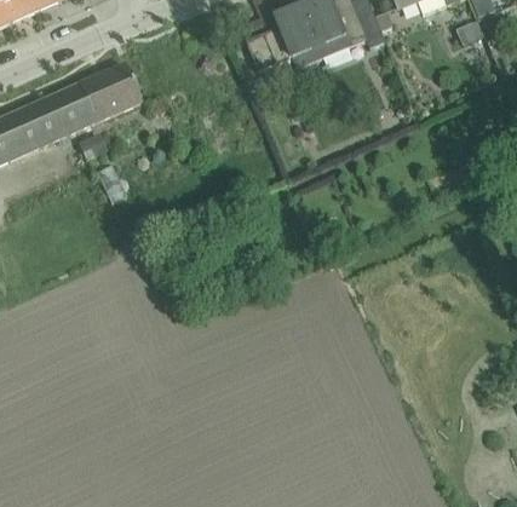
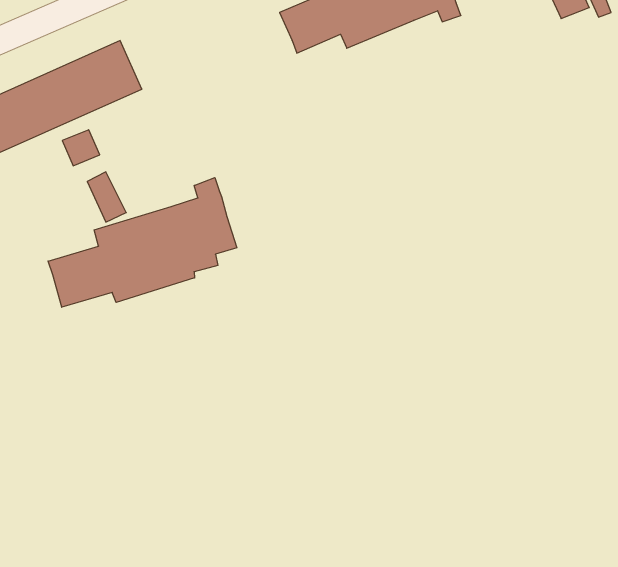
building: none -> [48,178,237,307]

